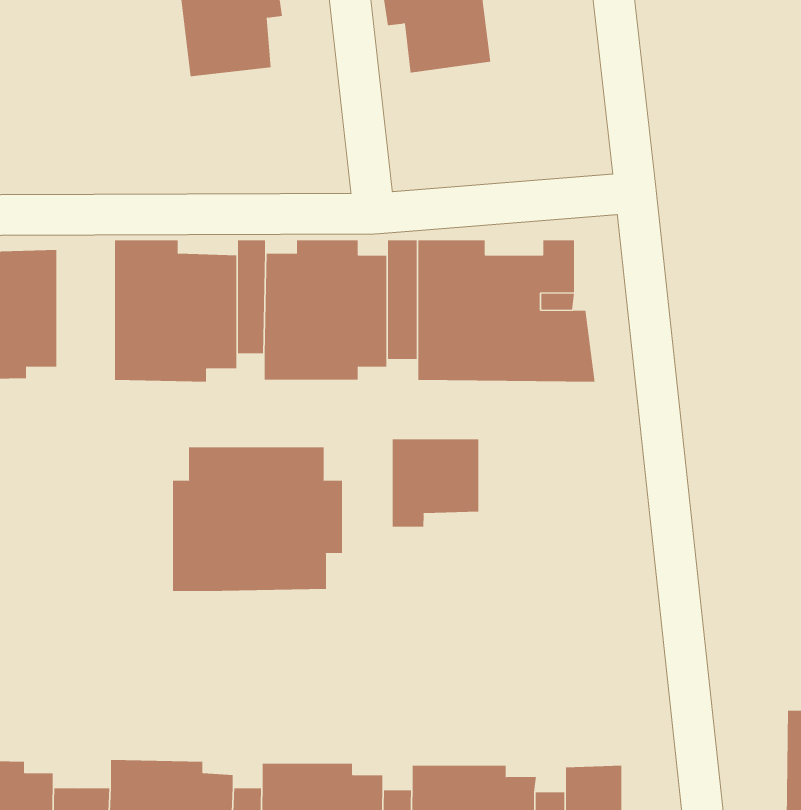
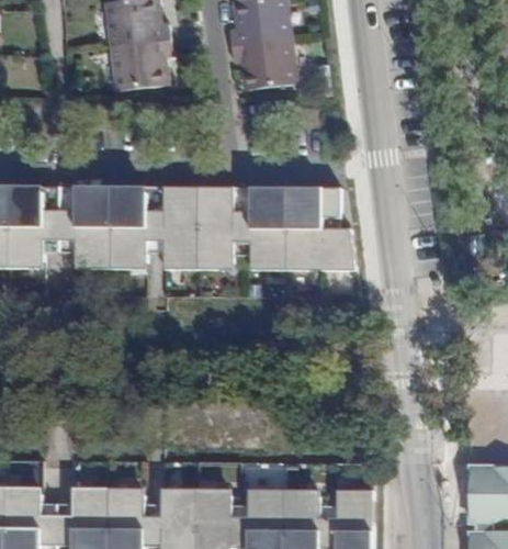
building: none -> [44,188,77,253]
building: [392,438,479,528] -> none
building: [173,446,342,592] -> none

